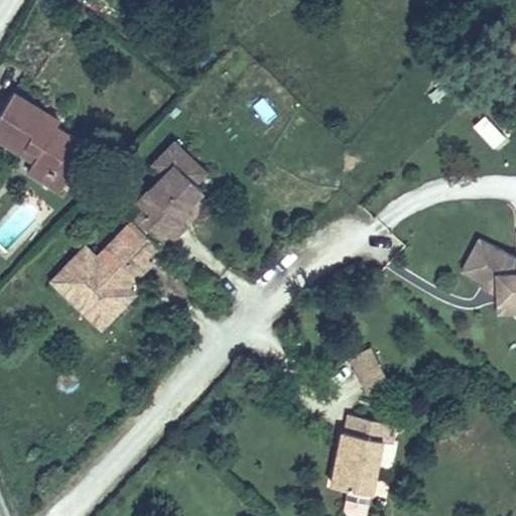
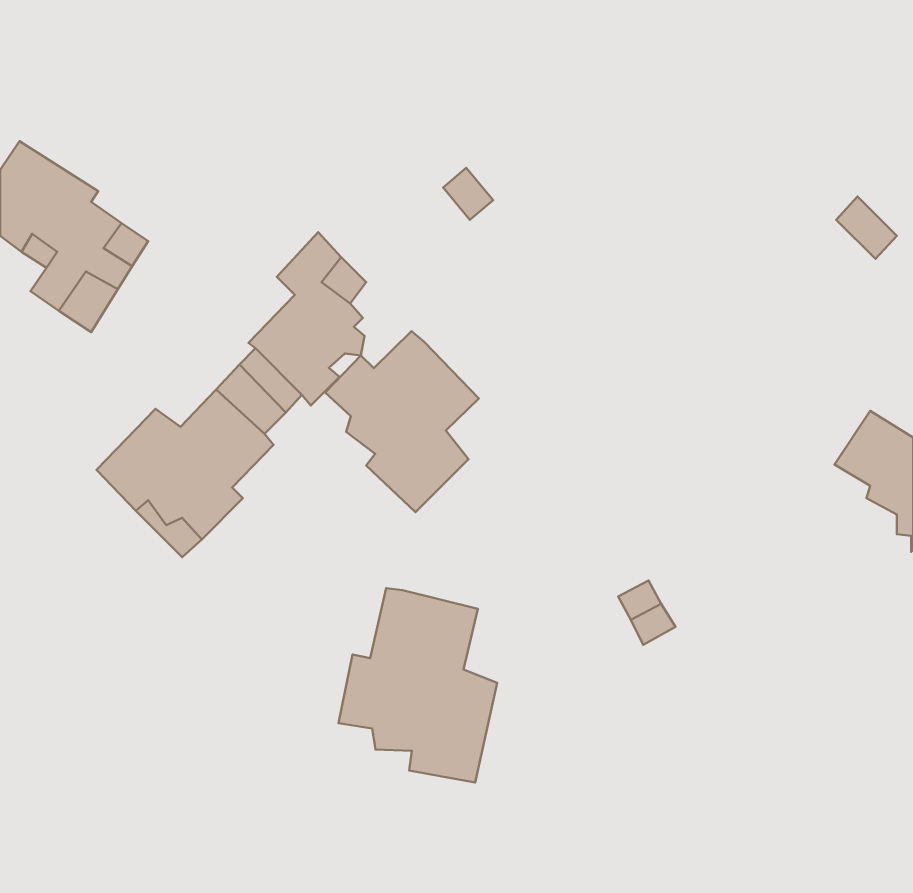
building: none -> [325,331,479,512]
building: none -> [338,588,497,783]
building: [325,407,394,510] -> none

